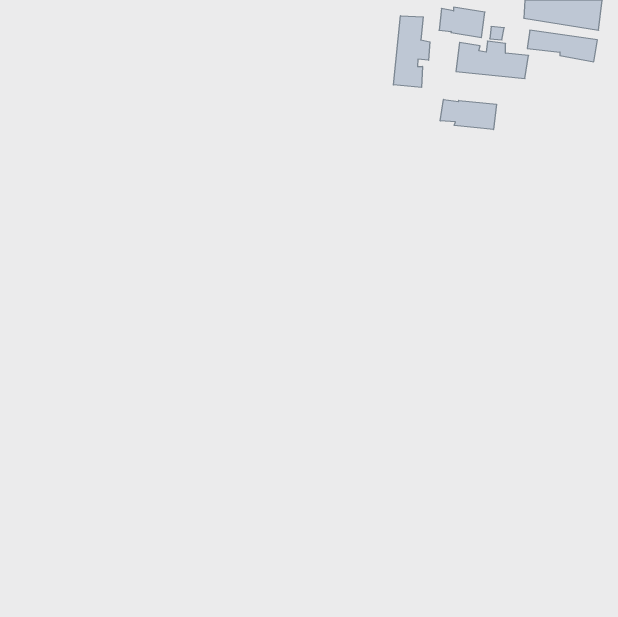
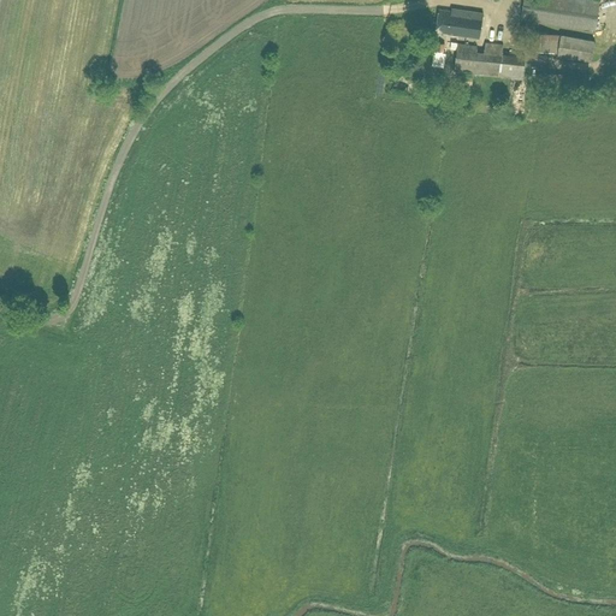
building: [393,16,430,87] -> none
building: [440,99,496,130] -> none

